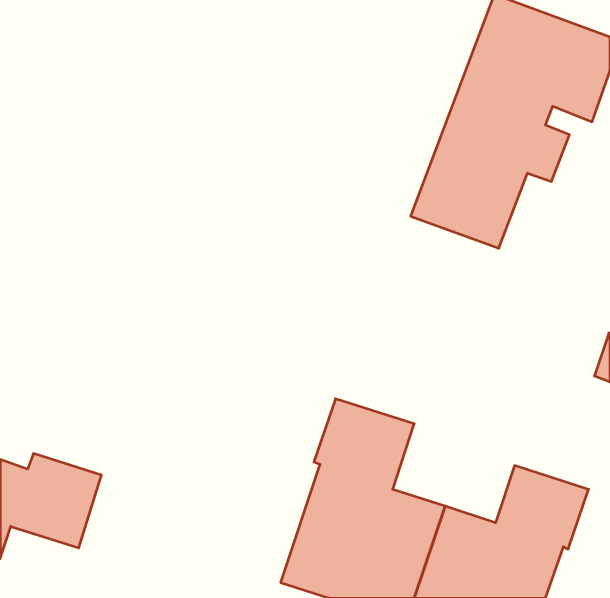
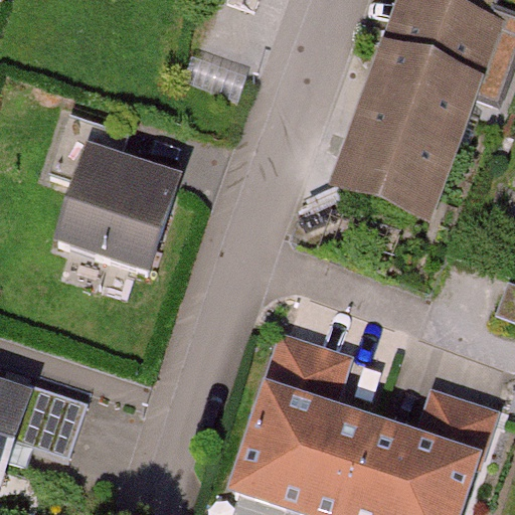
building: none -> [46,109,179,276]

